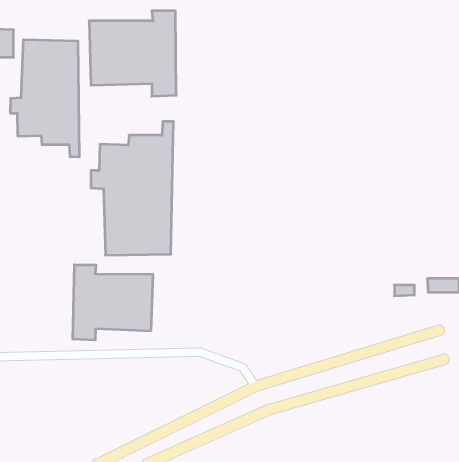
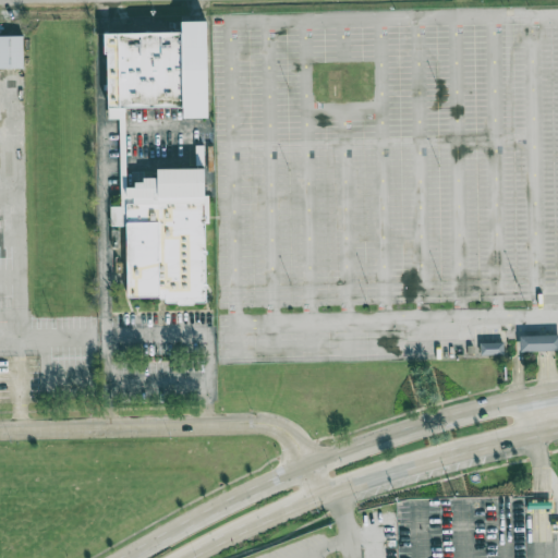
building: [11,40,79,157] -> none
building: [73,265,153,340] -> none

